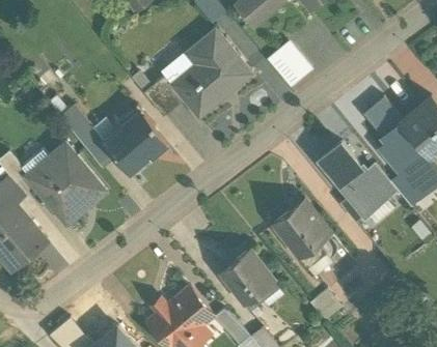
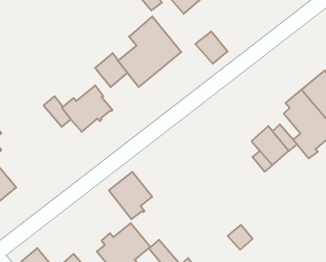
building: [364,96,403,136] -> none
building: [321,142,361,183] -> none
building: [31,143,106,220] -> none
building: [273,198,331,264] -> none
building: [220,249,274,308] -> [109,172,152,219]

